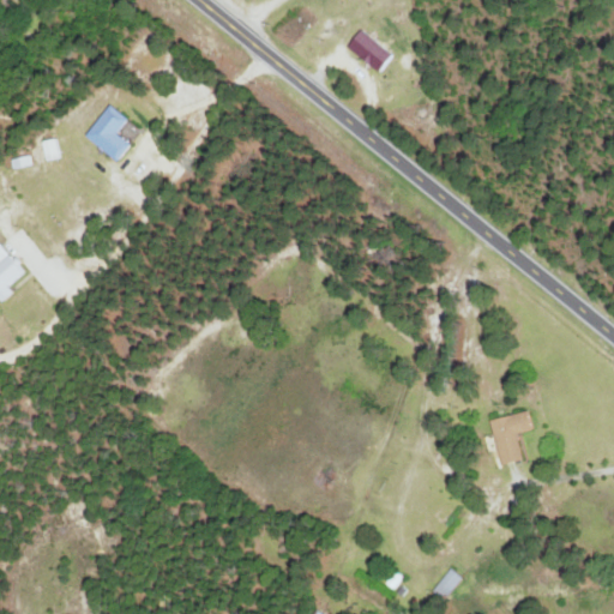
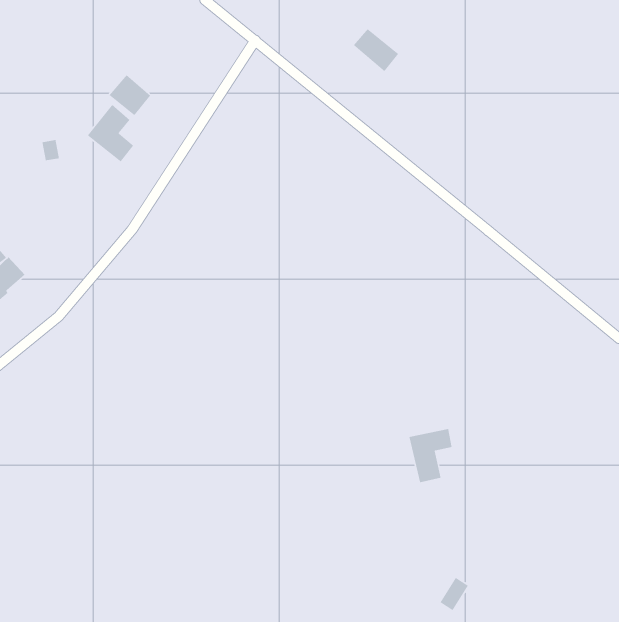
building: none -> [109,74,151,116]
building: [490,411,534,465] -> [409,428,452,483]

